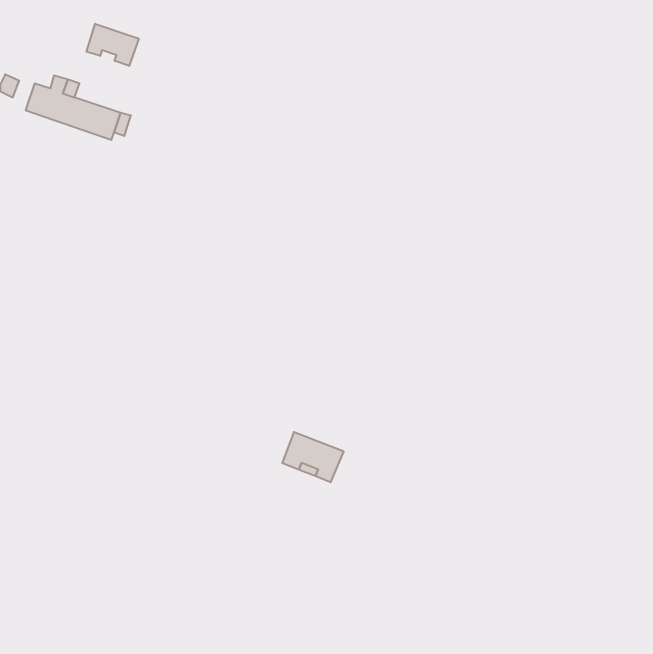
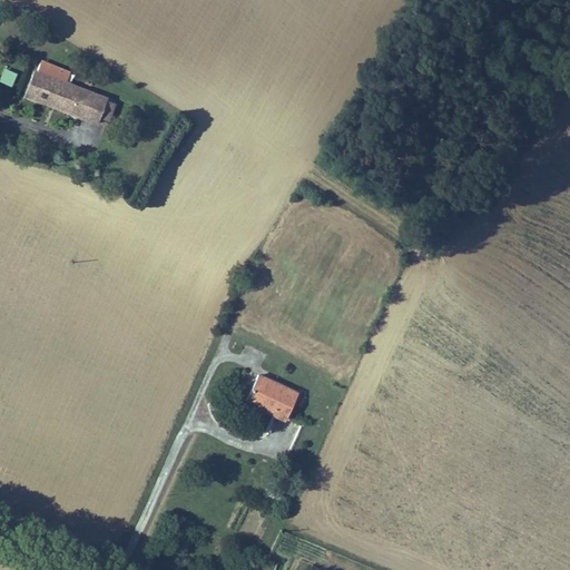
building: [86,24,139,66] -> none

